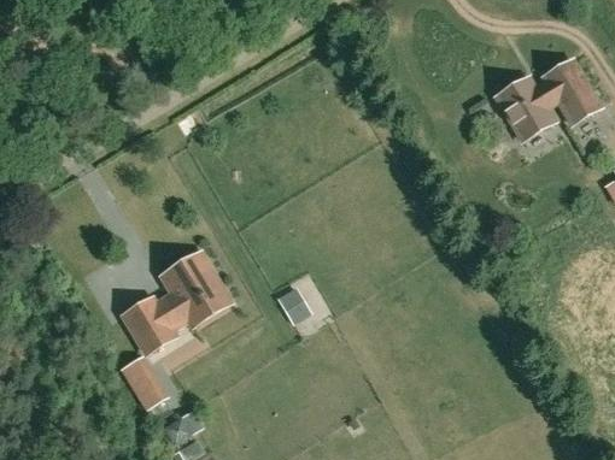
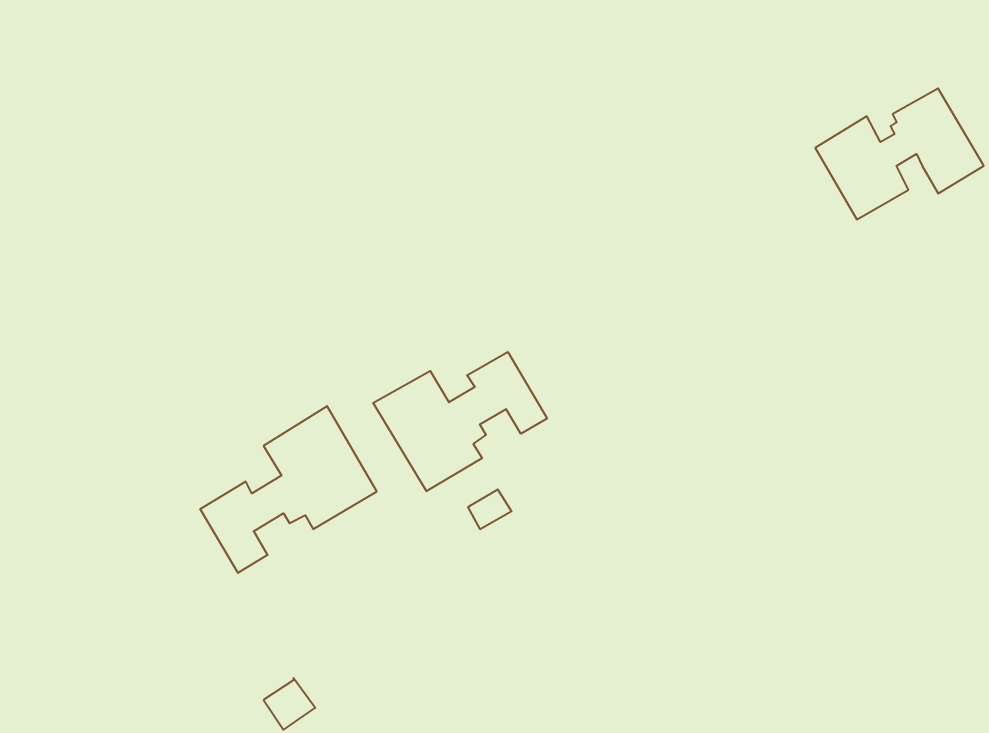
building: none -> [373,352,547,491]
building: [119,353,168,409] -> none

